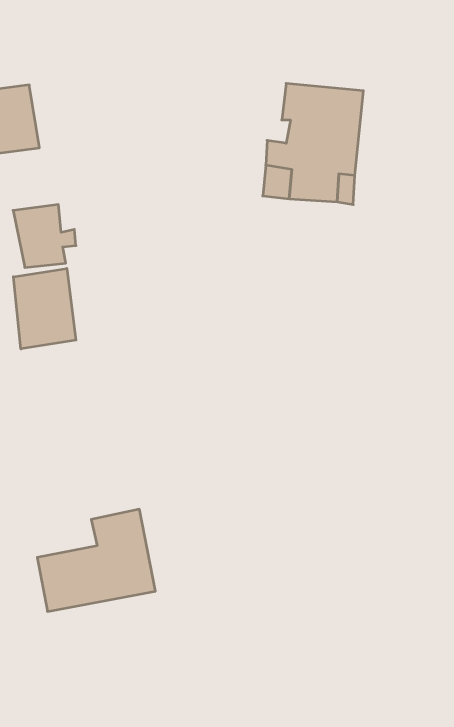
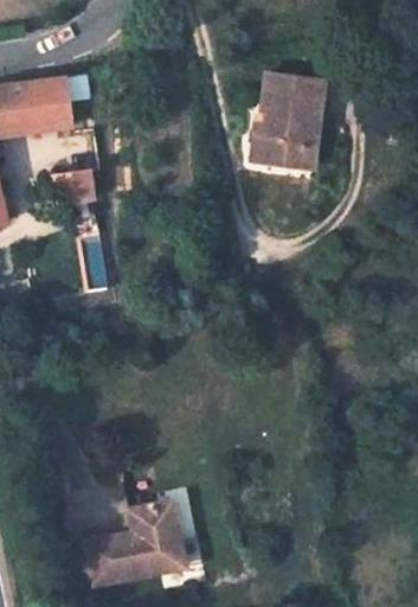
building: [13,268,76,349] -> none
building: [37,509,155,611] -> [85,500,181,583]

